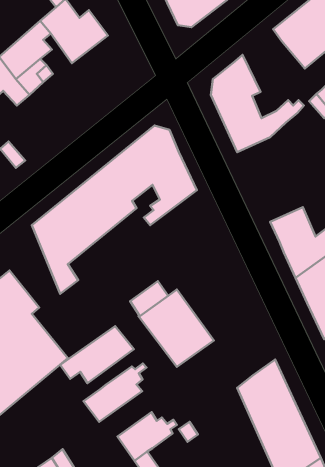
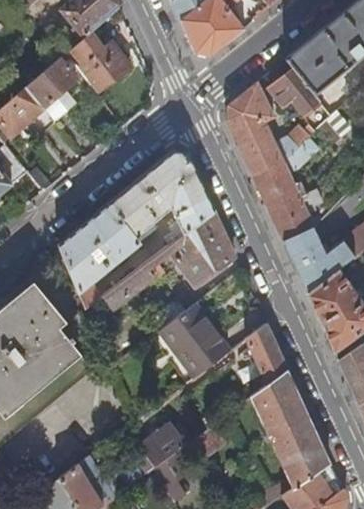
building: none -> [270,70,320,114]
building: none -> [252,138,322,241]
building: none -> [104,211,235,307]
building: none -> [246,326,288,386]
building: [60,326,134,383] -> none
building: [83,363,146,422] -> none

